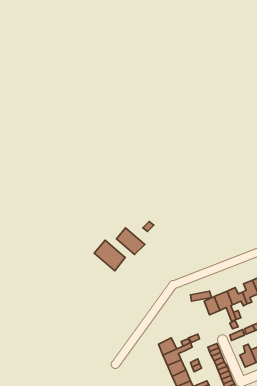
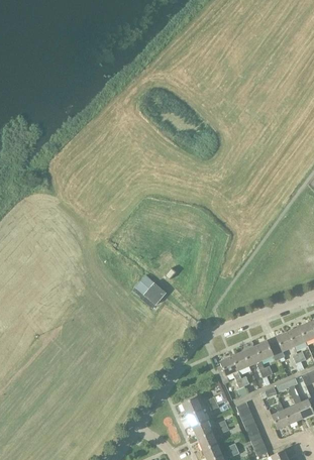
building: [94,240,125,271] -> none
building: none -> [219,356,249,397]

